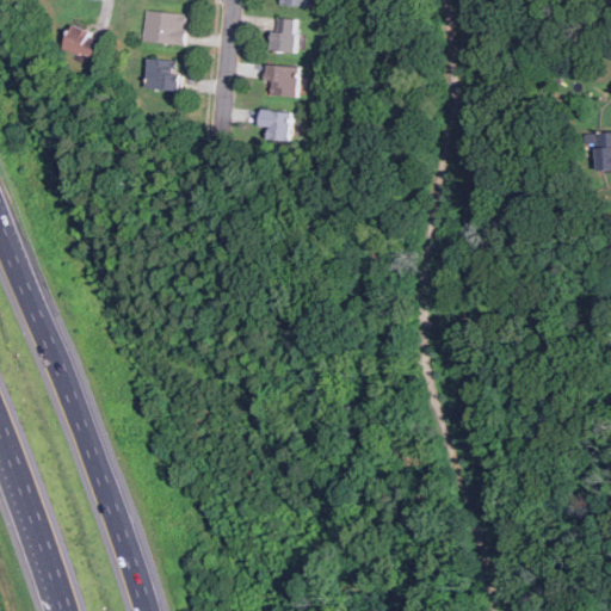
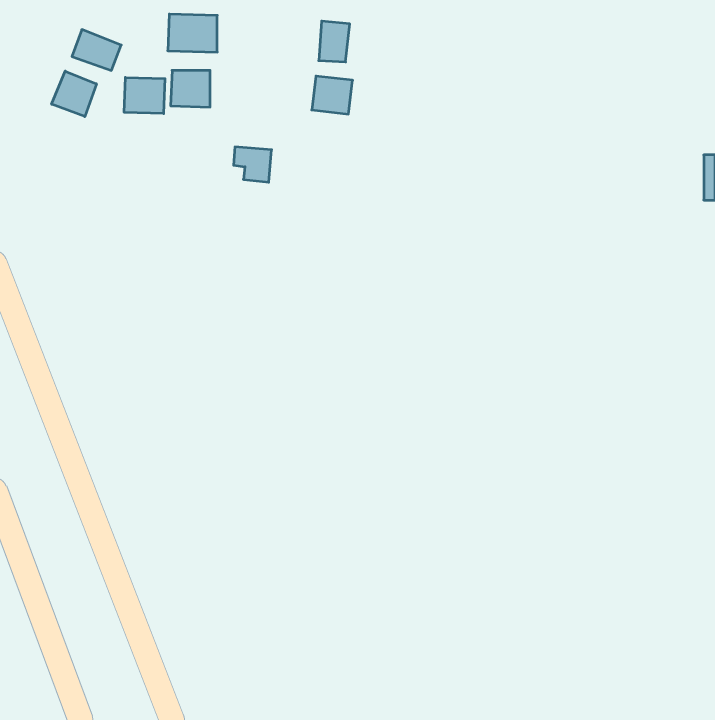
building: none -> [52,71,96,117]
building: none -> [124,77,165,114]
building: [258,110,290,140] -> [234,147,272,182]

